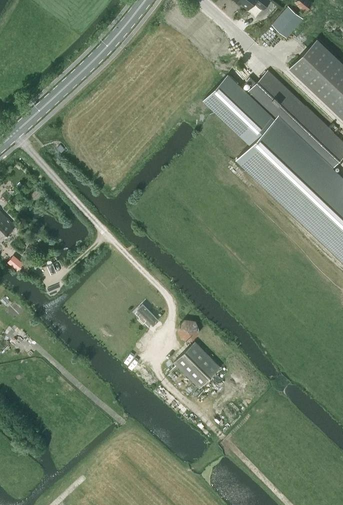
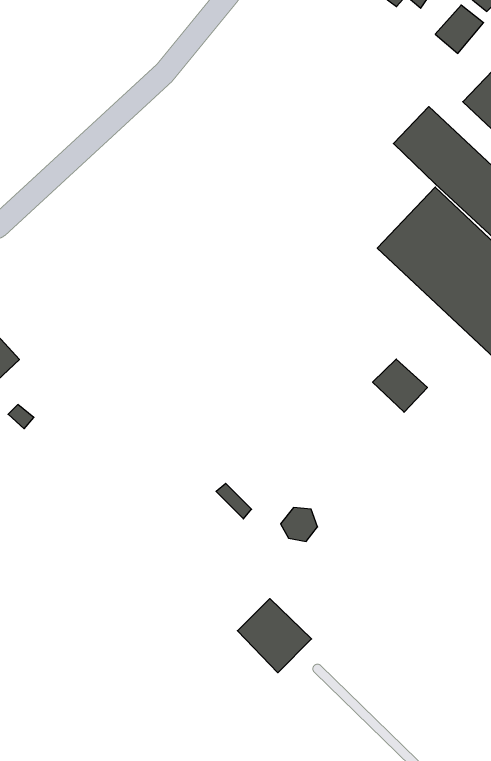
building: [204,76,272,143] -> none
building: none -> [373,359,427,412]
building: [174,343,220,389] -> [237,599,312,673]

